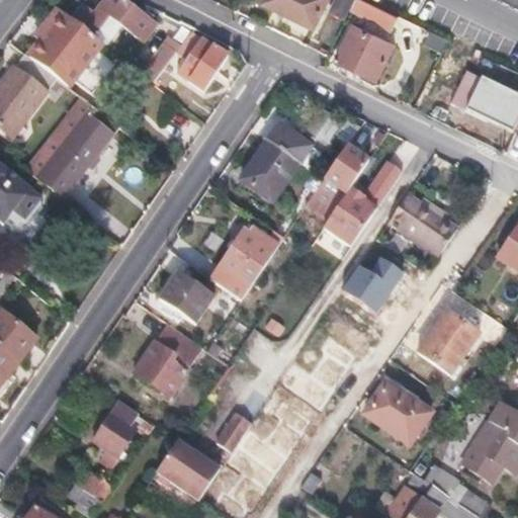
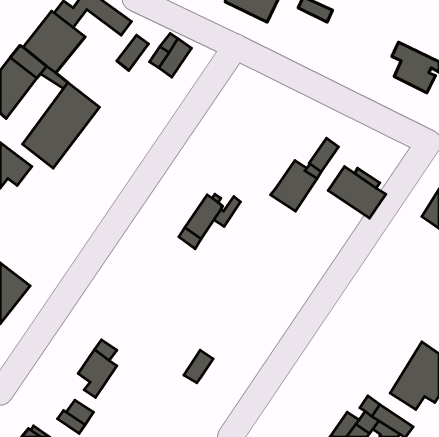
building: [336,24,393,79] -> none
building: [240,125,309,202] -> none
building: [305,149,365,222] -> none
building: [340,255,403,312] -> none
building: [159,272,212,323] -> none
building: [417,311,477,373] -> none
building: [135,323,202,398] -> none
building: [363,380,430,444] -> none
building: [154,438,220,501] -> none

